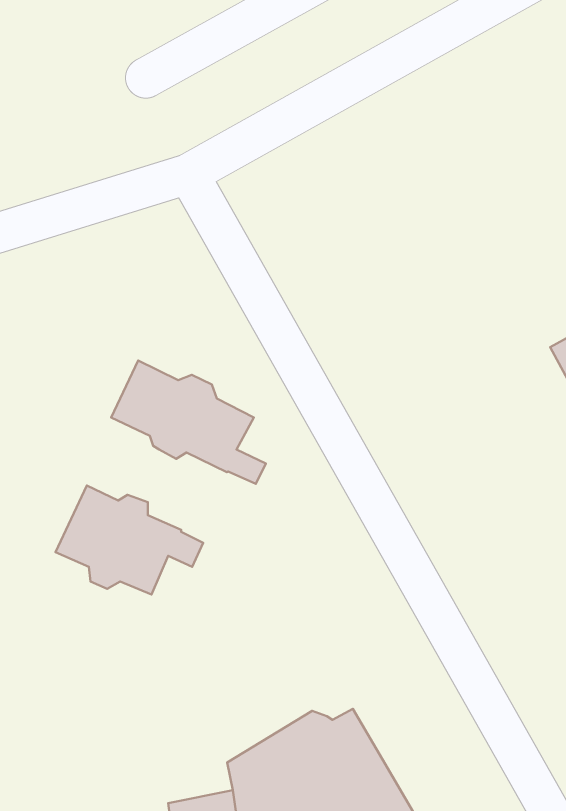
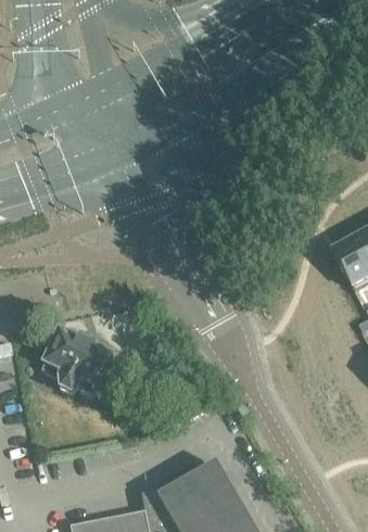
building: [111,361,266,484] -> none

